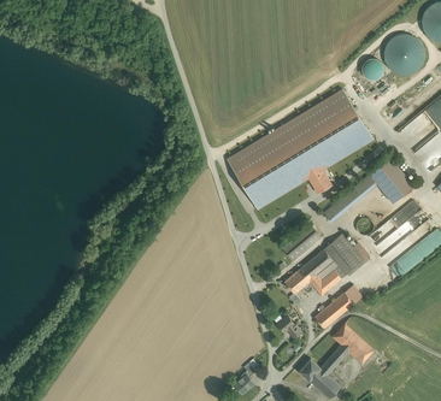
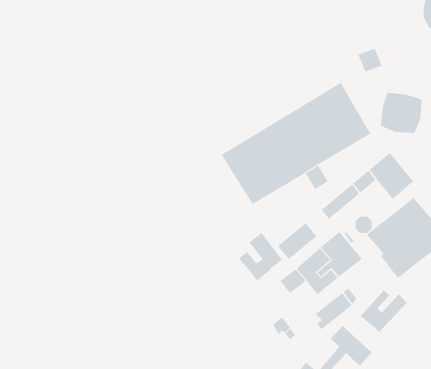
building: [383,35,424,75] -> [380,92,422,133]
building: none -> [238,232,283,281]
building: none -> [360,289,408,333]

